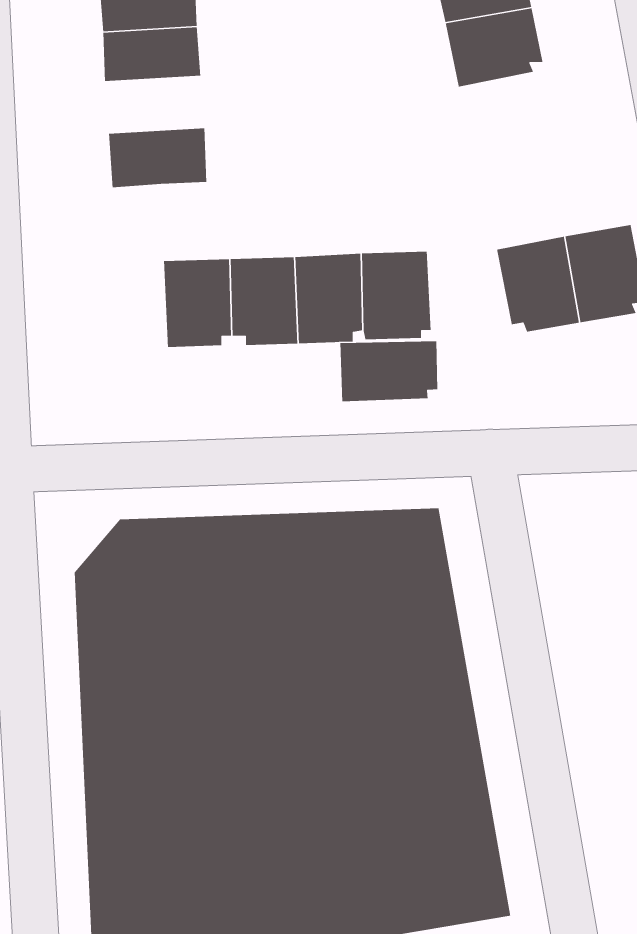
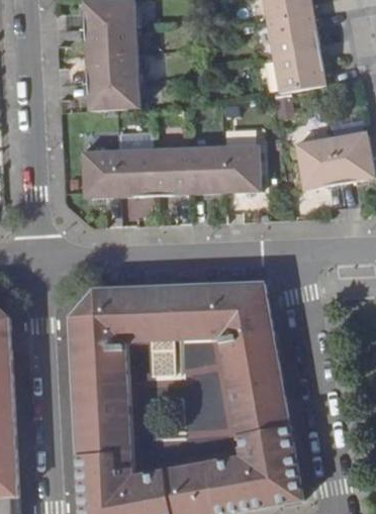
building: none -> [274,50,326,94]
building: none -> [86,53,139,83]
building: none -> [81,150,119,199]
building: [340,341,438,402] -> none

